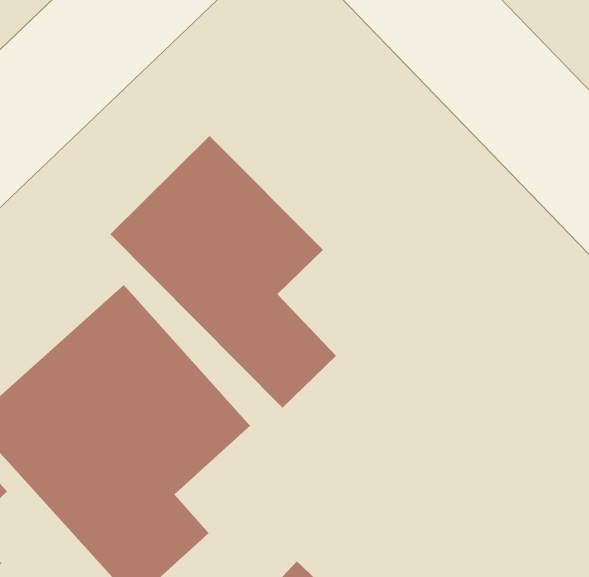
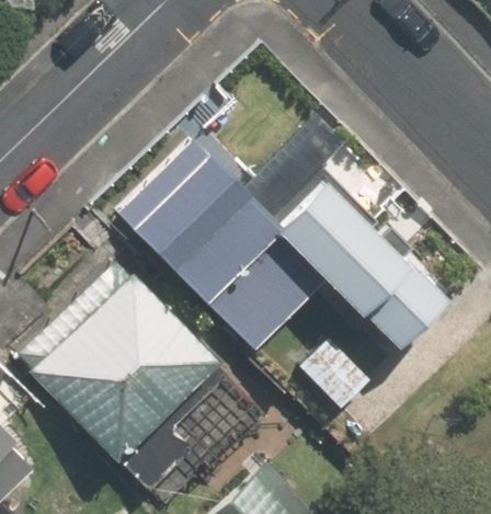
building: none -> [288,180,452,346]

